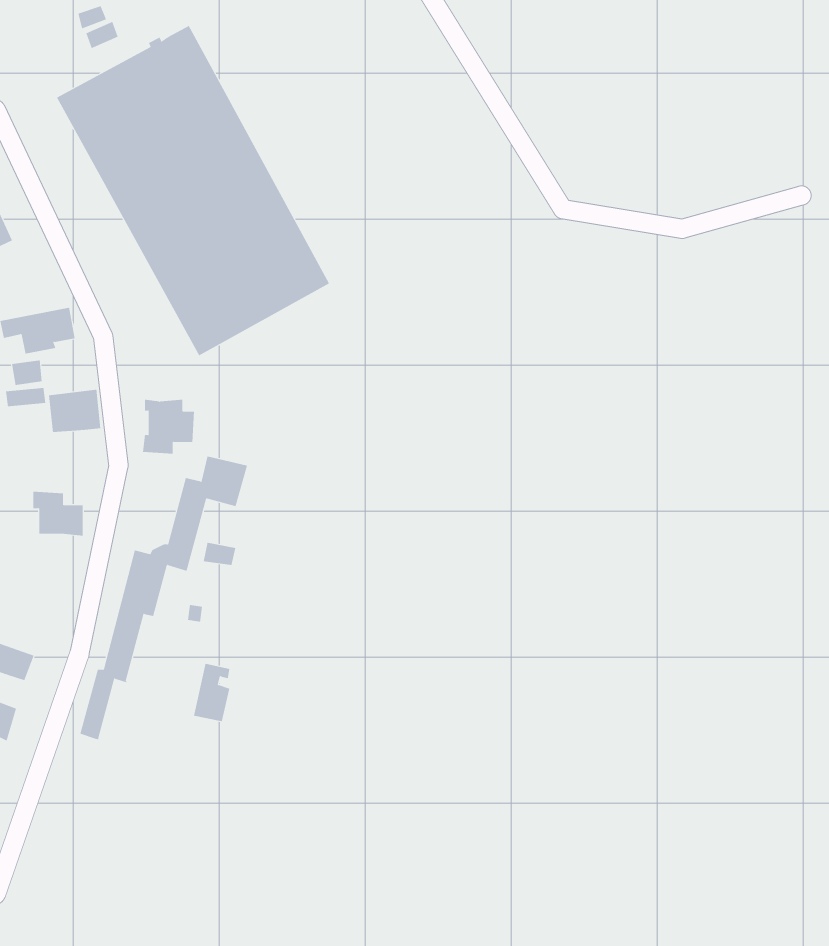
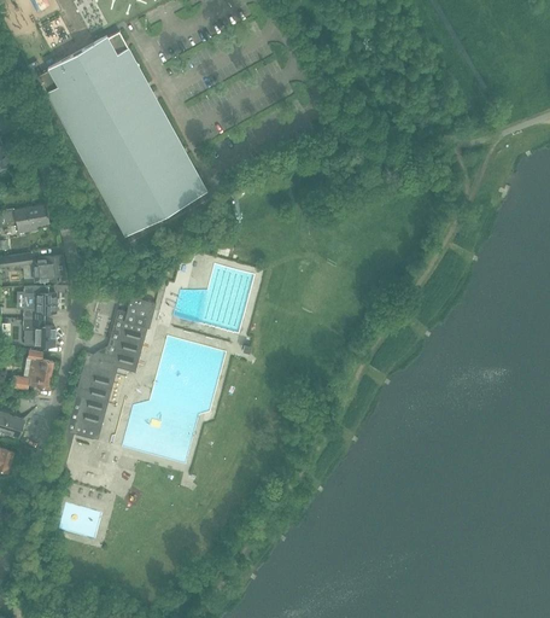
building: [142,399,195,454] -> [23,287,55,321]
building: none -> [12,351,53,391]
building: [193,663,230,722] -> [89,397,112,433]

